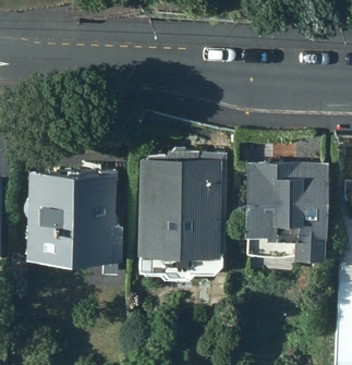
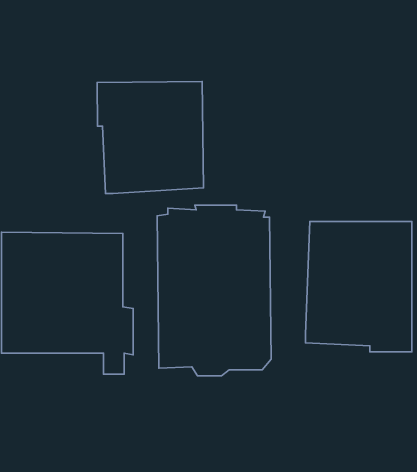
building: none -> [97,81,203,194]

